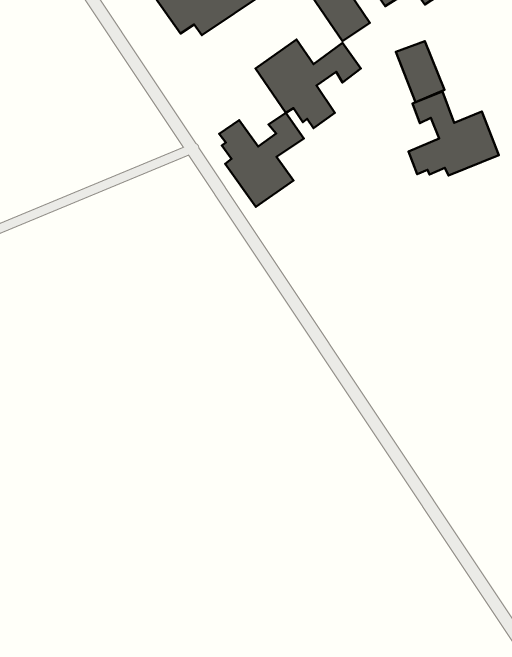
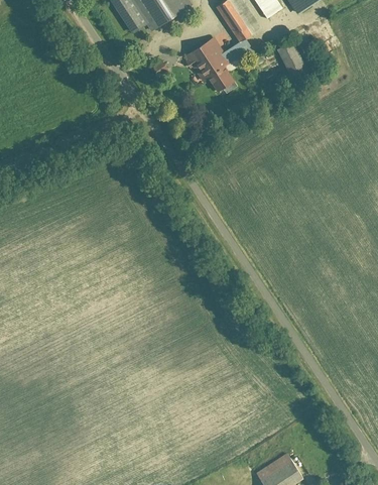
building: [408,92,499,175] -> none
building: [219,113,304,207] -> none

